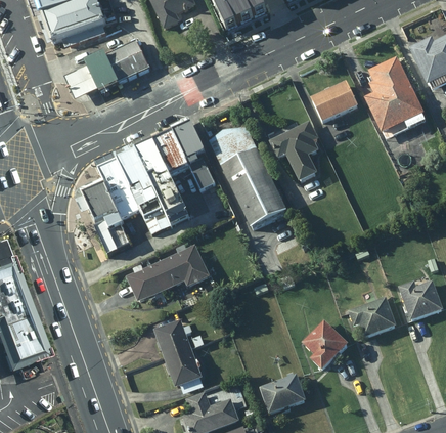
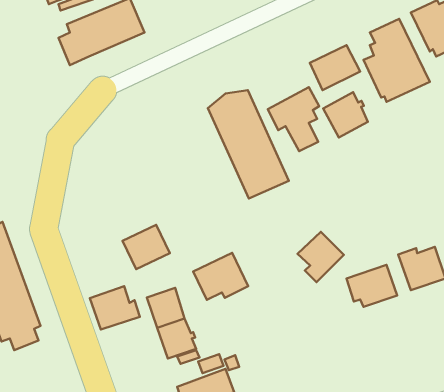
building: none -> [323,92,368,138]
building: [86,128,218,256] -> none
building: [161,239,214,285] -> [193,253,248,300]
building: none -> [90,286,140,330]
building: [300,319,345,369] -> [298,232,344,282]
building: [257,371,303,413] -> none

